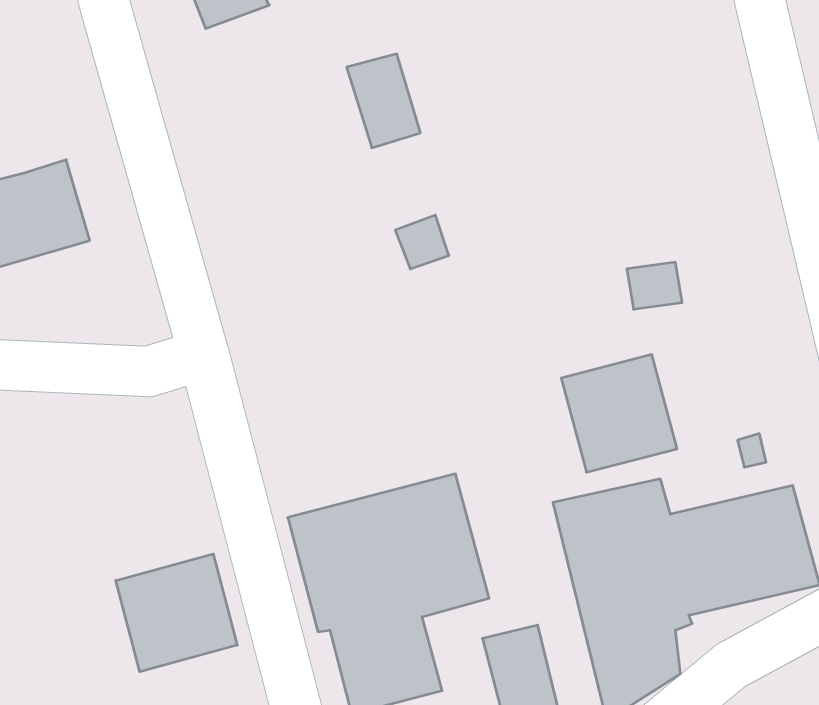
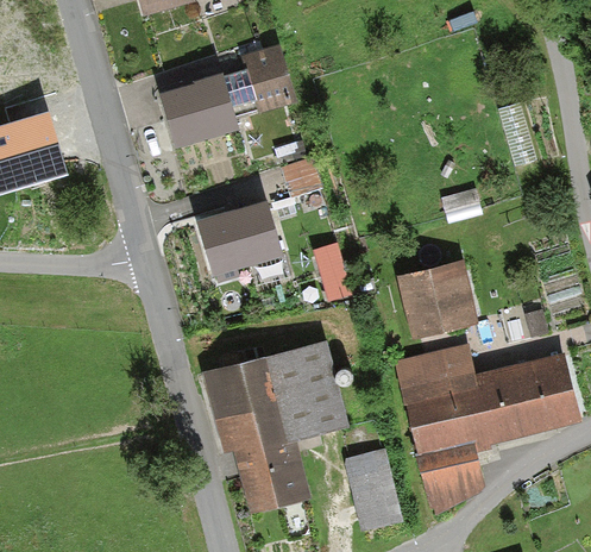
building: none -> [159,71,239,143]
building: none -> [201,199,283,280]
building: none -> [315,245,352,300]
building: [116,554,237,672] -> none

